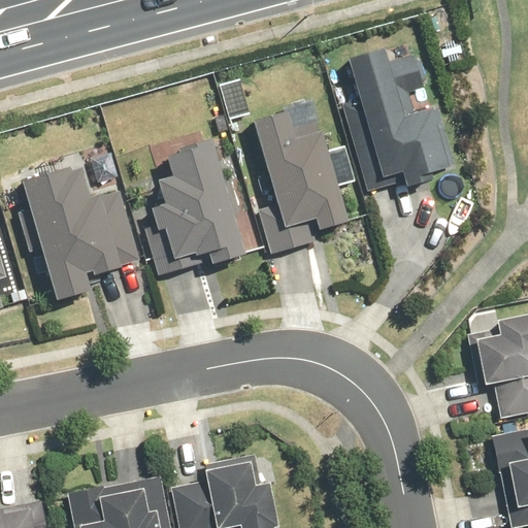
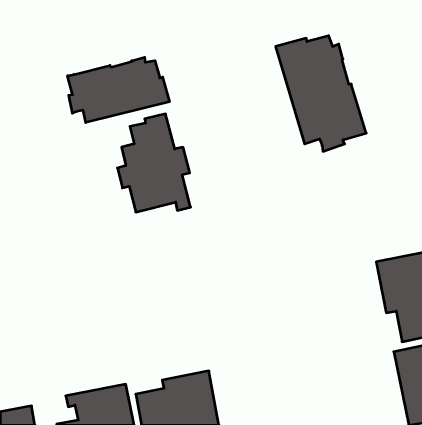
building: none -> [68,57,169,123]
building: [254,110,346,259] -> none
building: [21,160,138,298] -> none

